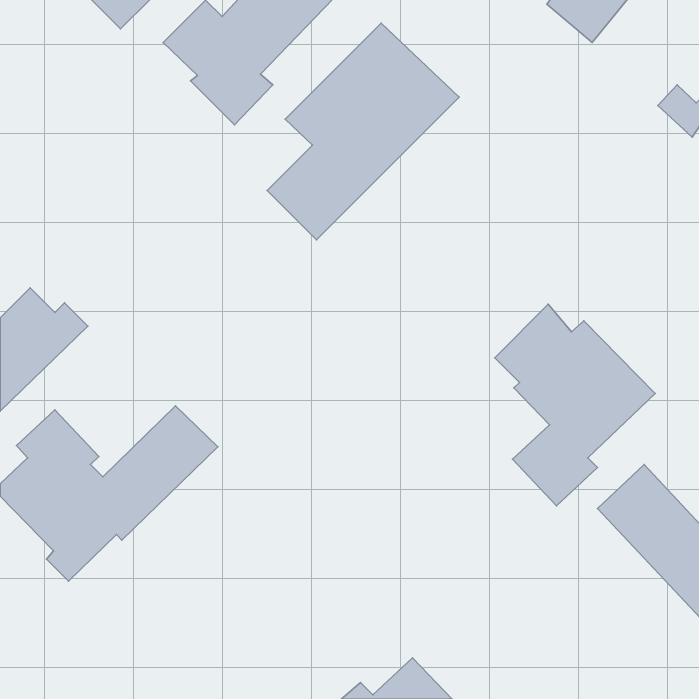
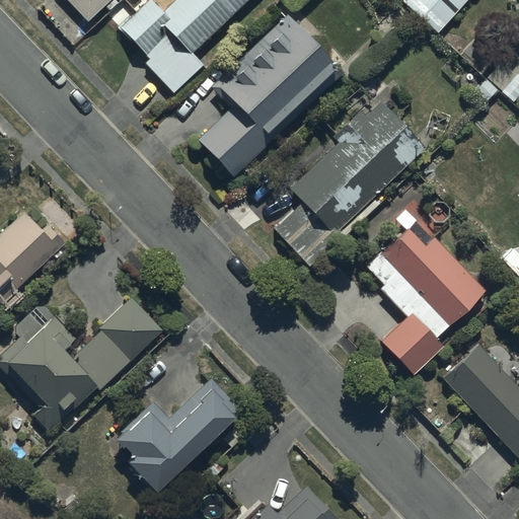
building: none -> [276,83,426,265]
building: none -> [114,378,243,495]

